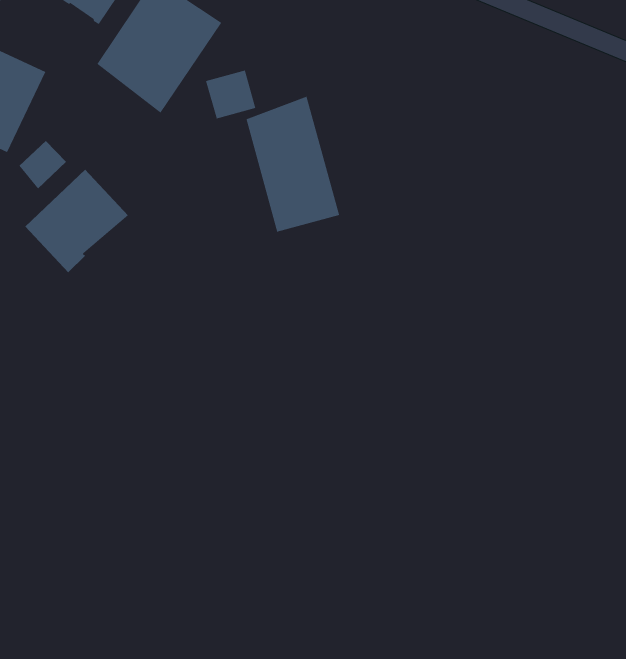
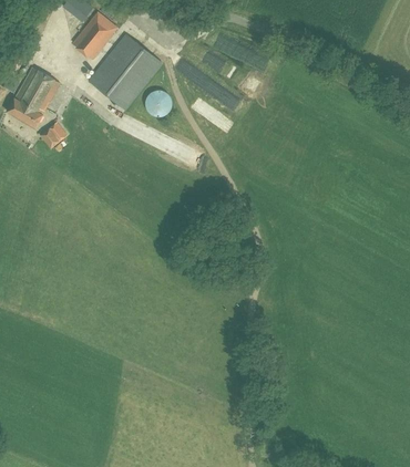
building: [246,96,340,233] -> none
building: [24,169,129,273] -> none

